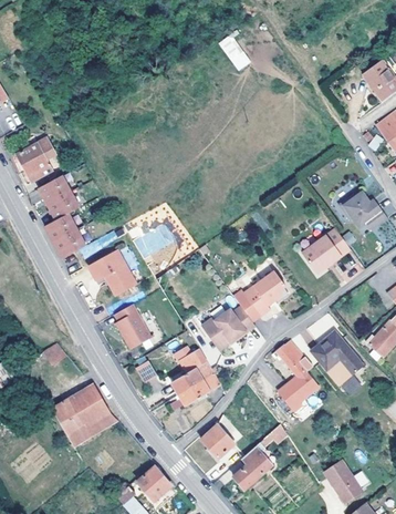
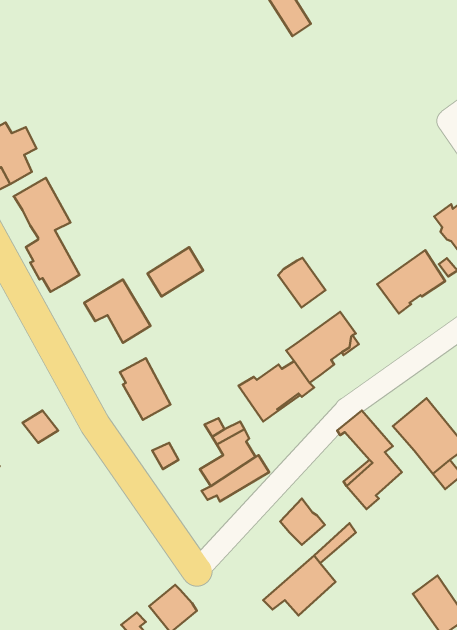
building: none -> [278,258,326,308]
building: [53,387,118,448] -> none
building: [200,424,232,458] -> [280,499,325,545]

